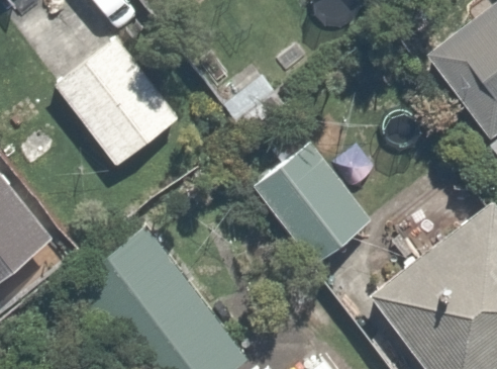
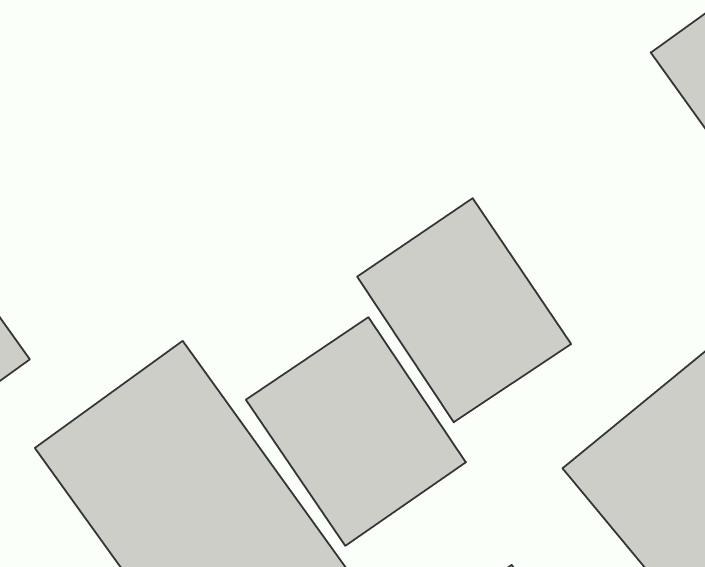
building: [47,35,186,178] -> none
building: none -> [246,317,466,546]

